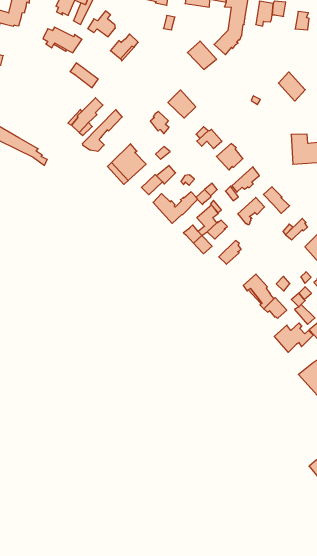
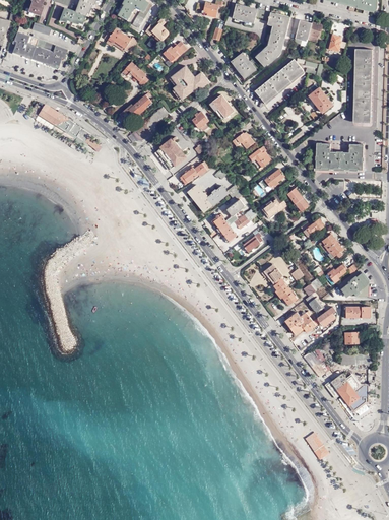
building: none -> [255,60,304,104]
building: none -> [169,66,209,101]

